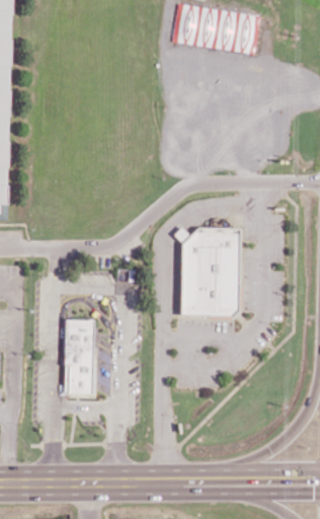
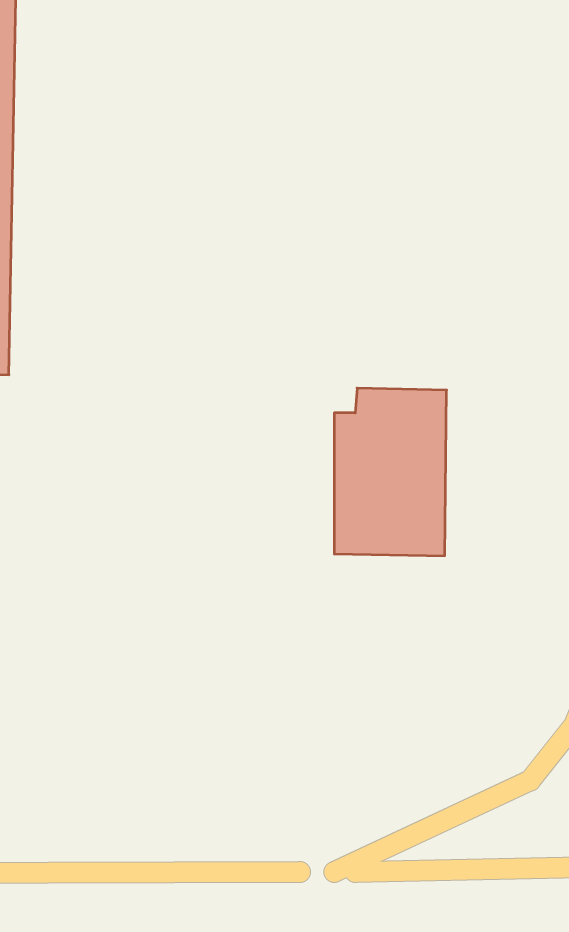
building: [64,318,93,394] -> none

